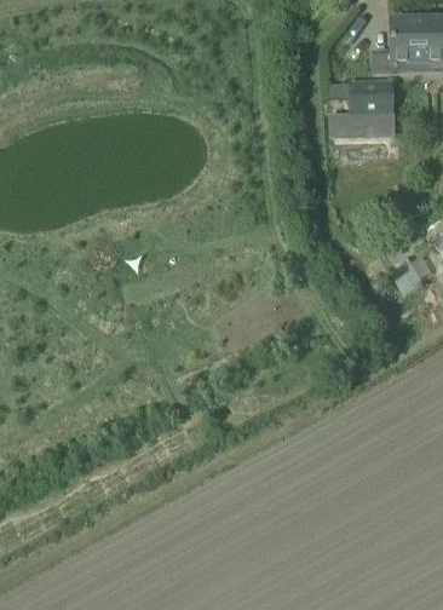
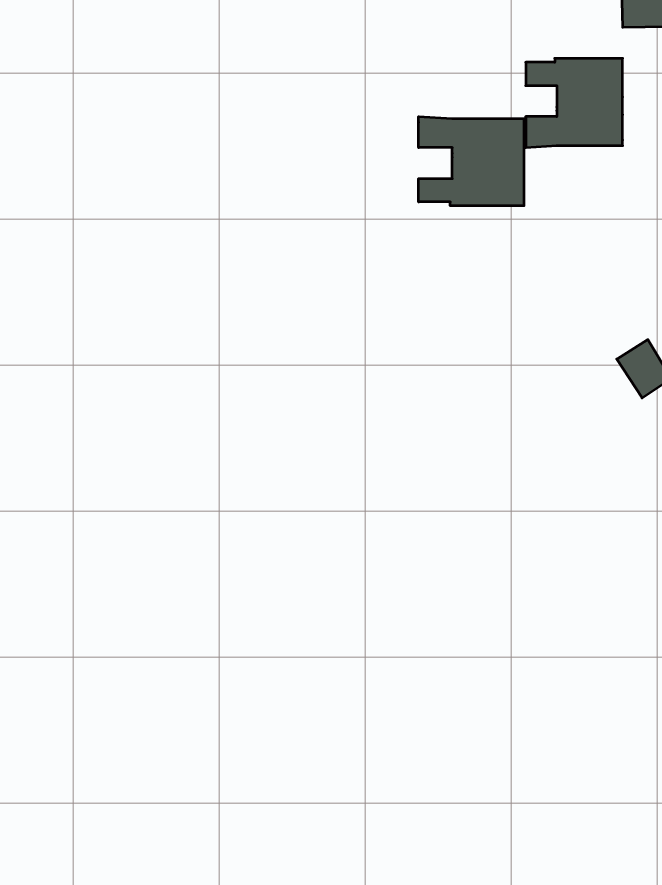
building: none -> [419,117,524,206]

